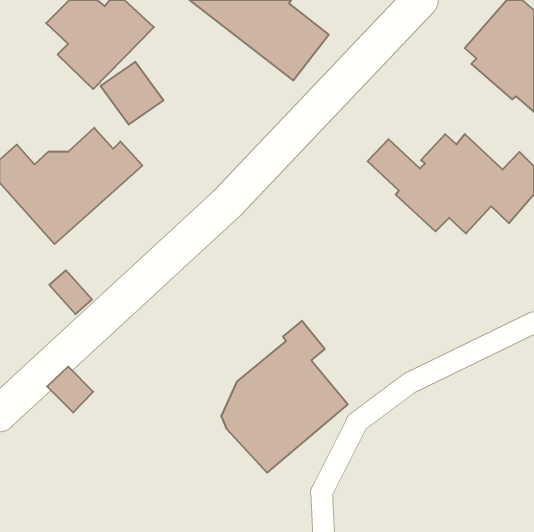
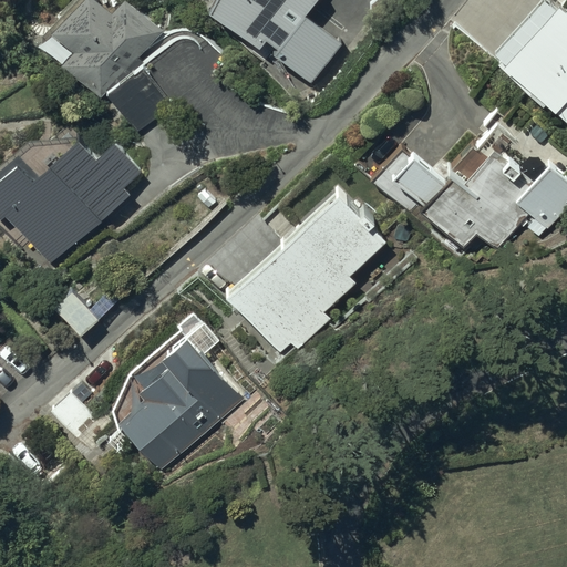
building: none -> [224,190,386,354]
building: [221,321,348,473] -> [110,312,244,473]

